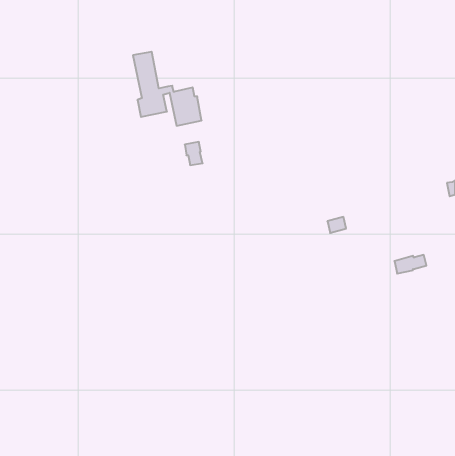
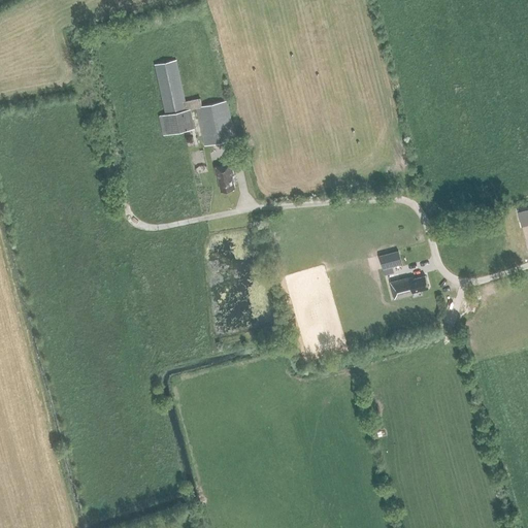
building: [394,255,426,274] -> [390,275,427,297]

